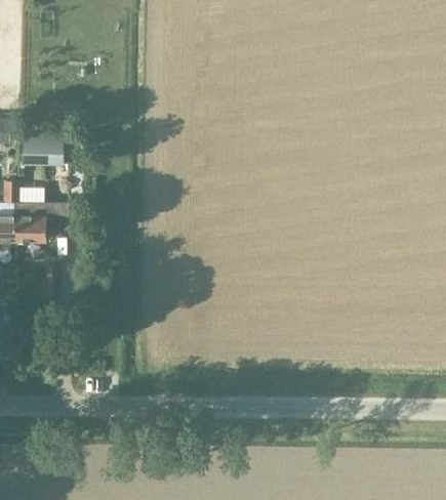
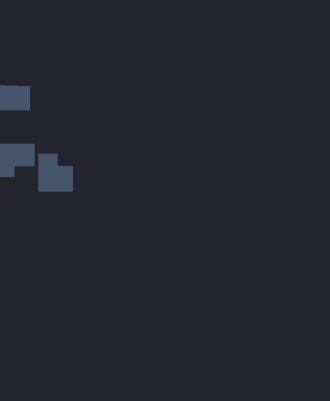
building: none -> [38,153,73,193]

